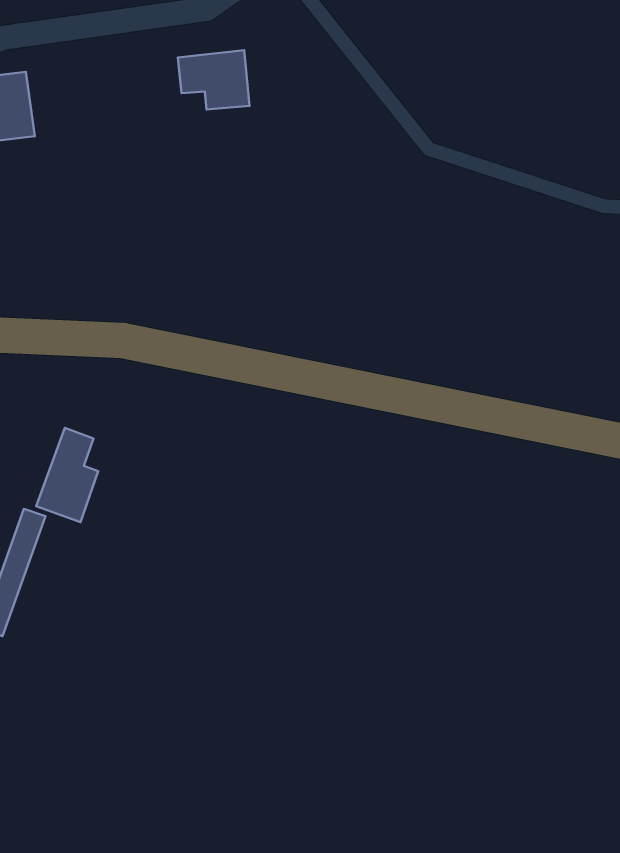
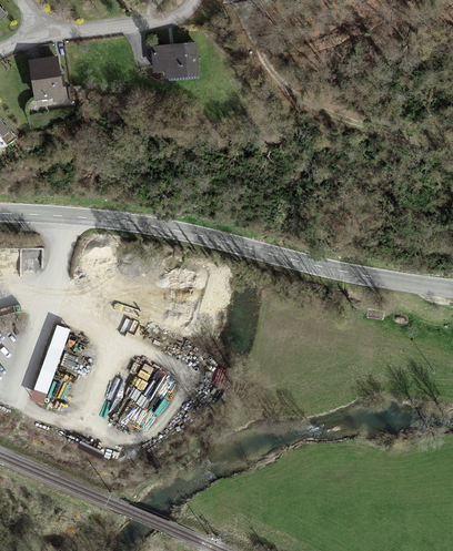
building: [36,428,98,522] -> none

